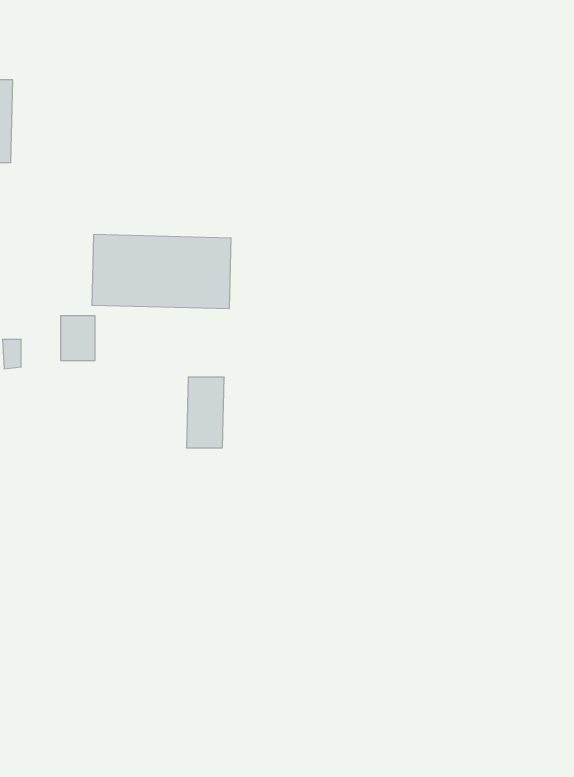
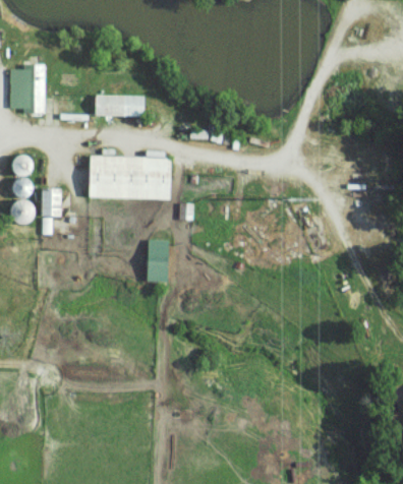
building: none -> [94,95,146,116]
building: [61,316,95,360] -> [42,189,62,216]

